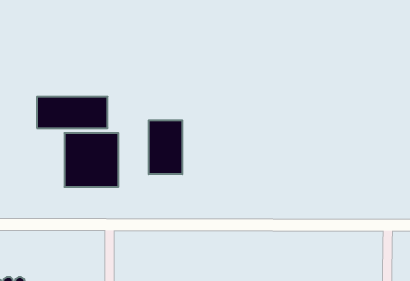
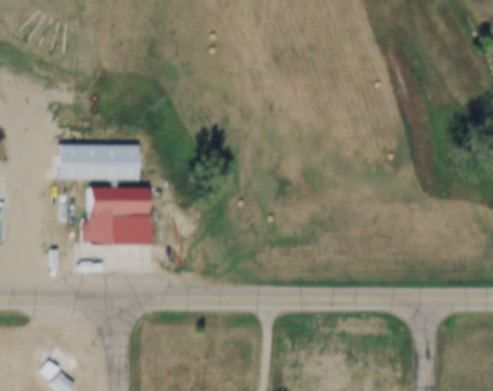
building: [149,120,182,174] -> none

